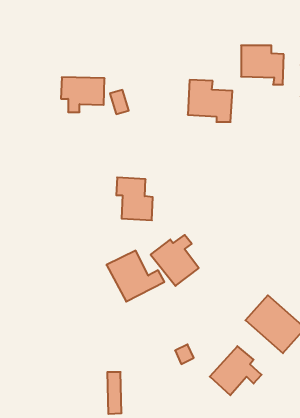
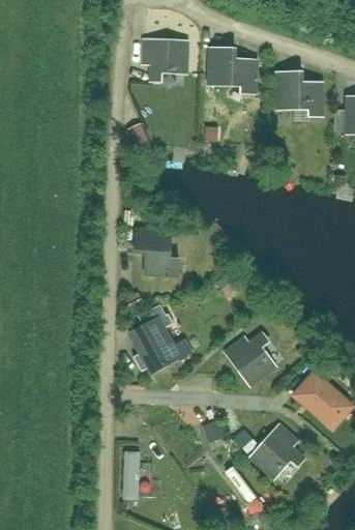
building: [61,77,105,112] -> [138,38,188,79]
building: [188,80,232,122] -> [212,47,264,95]
building: [151,235,199,286] -> [220,329,276,388]

